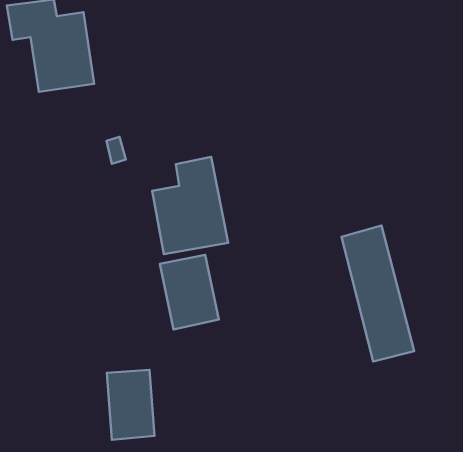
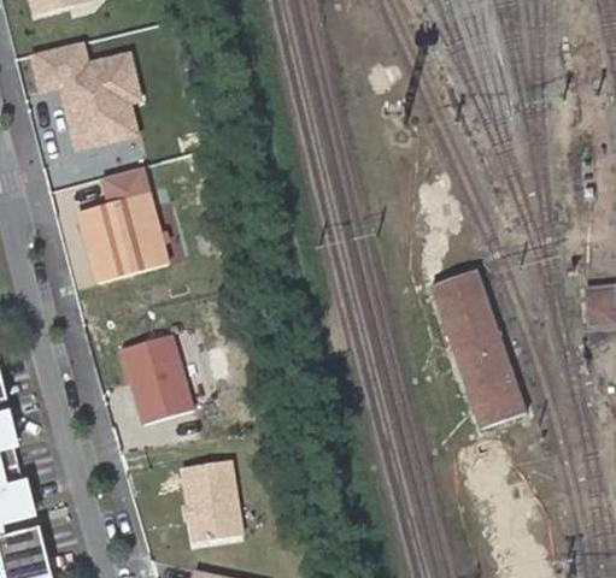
building: [152,157,228,254] -> [77,169,169,284]
building: [160,255,219,329] -> [119,336,192,424]

